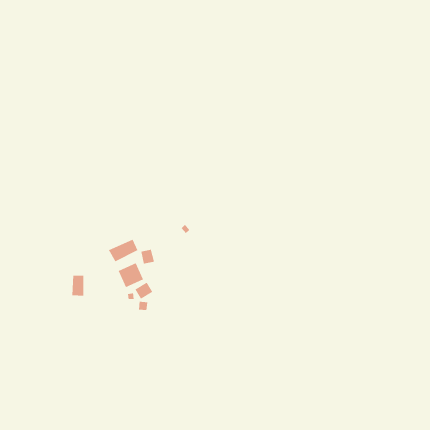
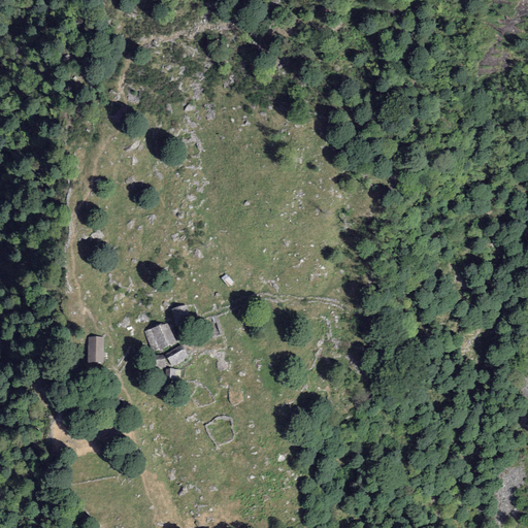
building: [108,239,138,262] -> none

